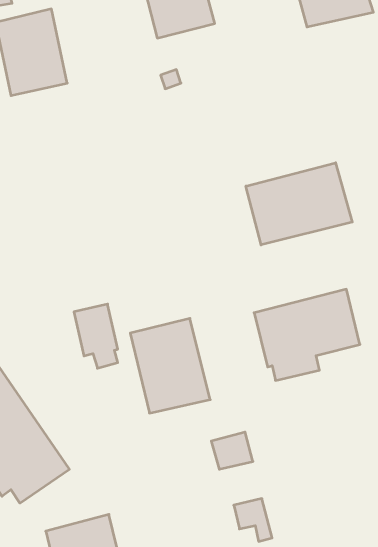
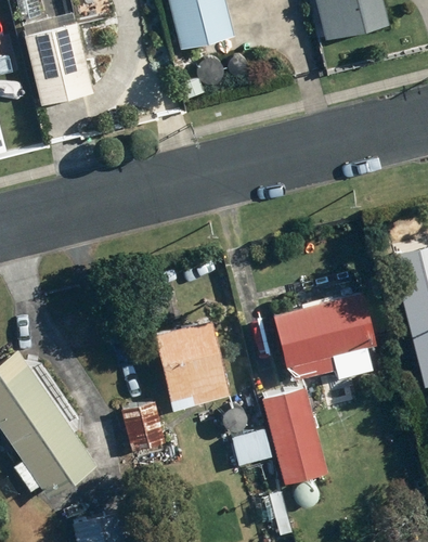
building: [246,163,352,245] -> none
building: [74,304,118,368] -> [121,400,164,462]
building: none -> [262,388,327,483]

